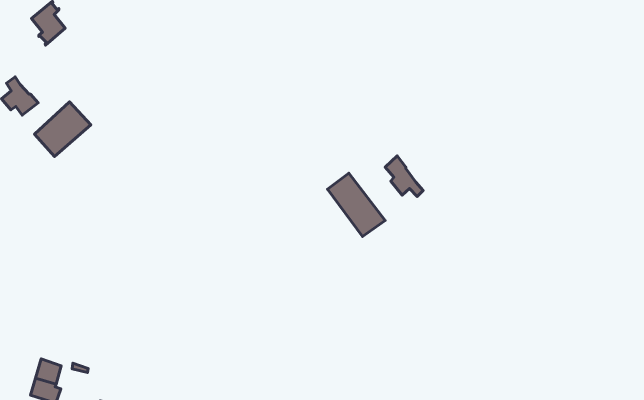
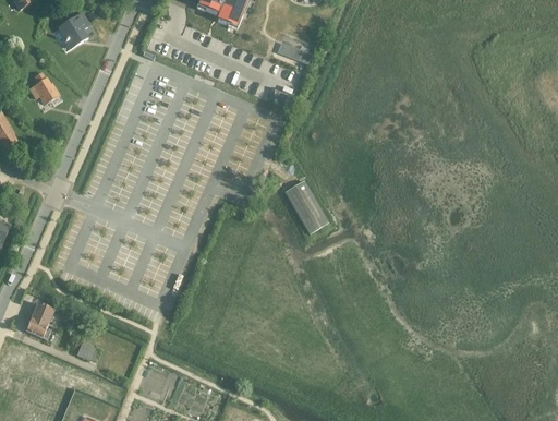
building: [34,102,91,156] -> none
building: [385,156,423,197] -> none

